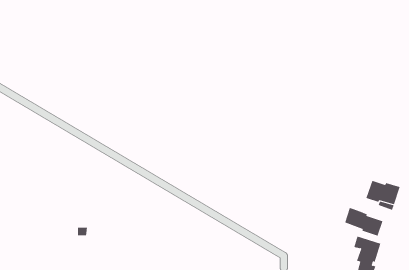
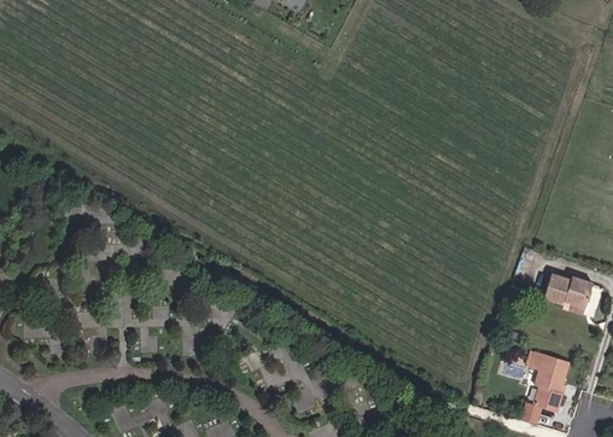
building: [344,207,383,236] -> none

